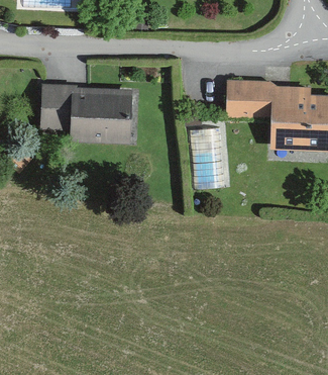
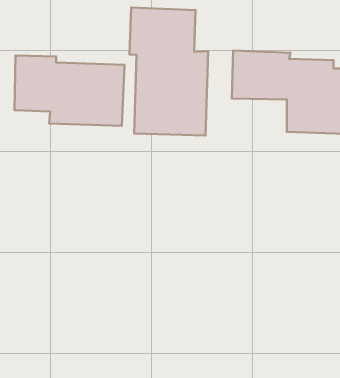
building: none -> [129,8,208,135]

